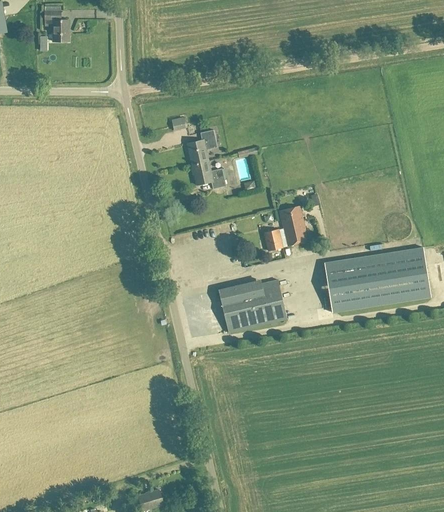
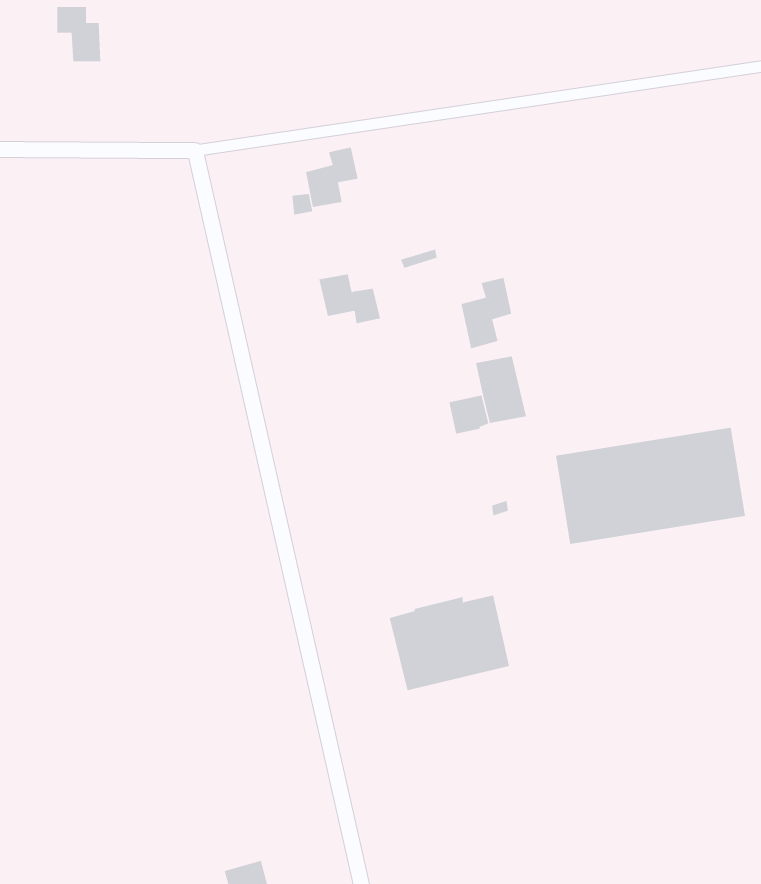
building: [186,129,216,163] -> [305,147,359,207]
building: none -> [461,277,512,349]
building: [218,278,286,332] -> [389,595,510,691]

